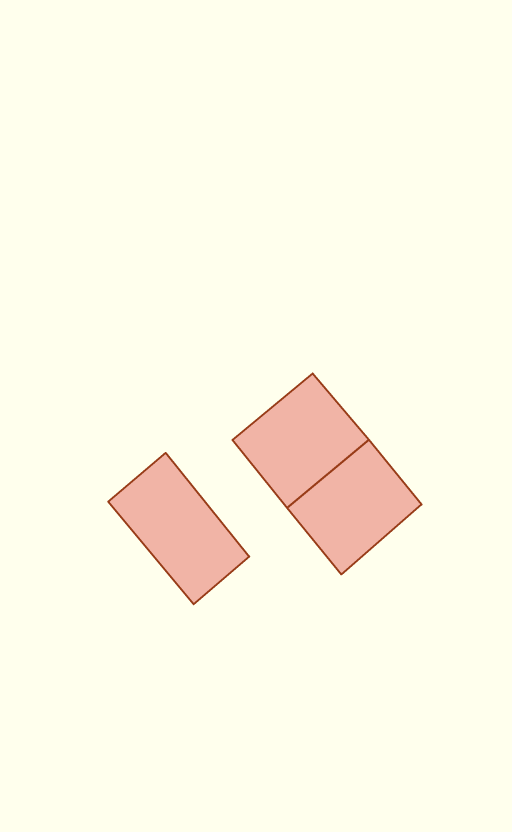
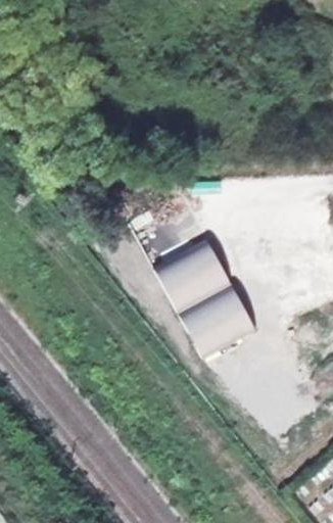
building: [108,453,249,604] -> none

